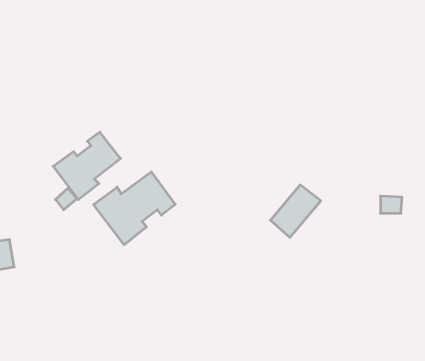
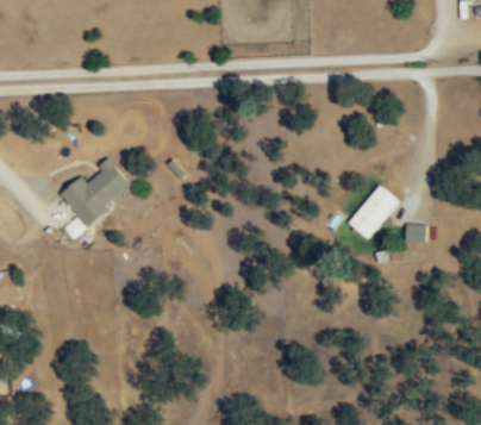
building: [94,172,175,245] -> none
building: [270,185,321,237] -> [344,185,396,239]

